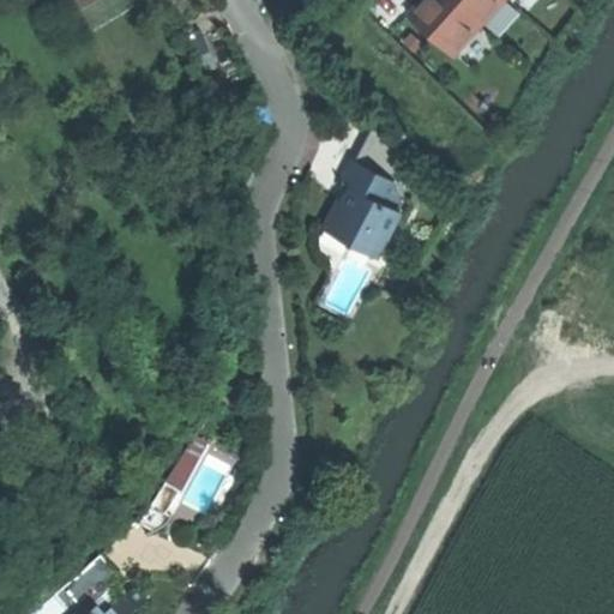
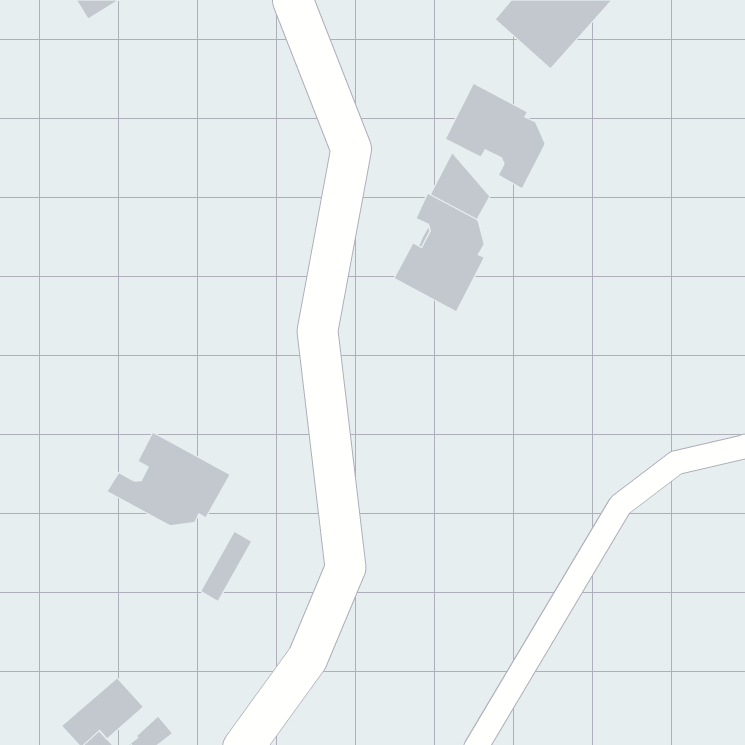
building: none -> [445,83,545,189]
building: none -> [107,432,230,526]

